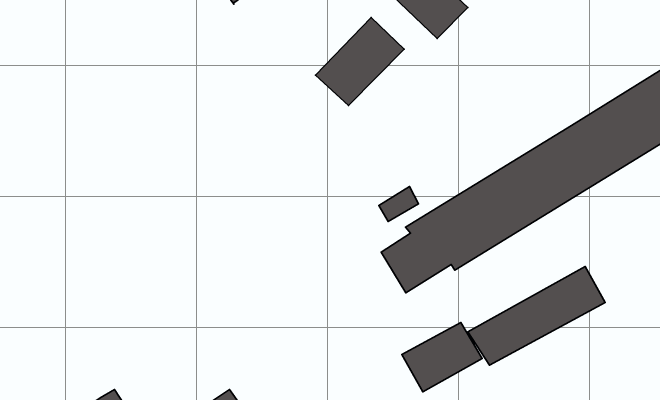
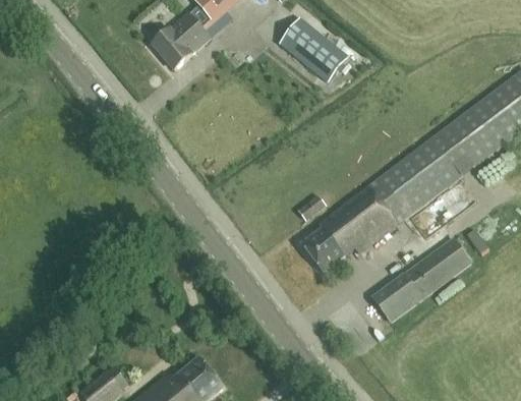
building: [316,18,404,105] -> none
building: [402,323,482,392] -> none

